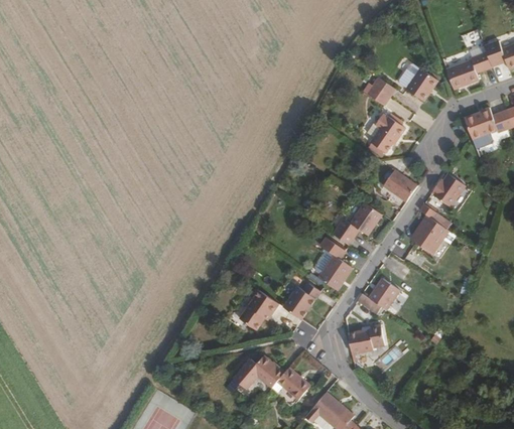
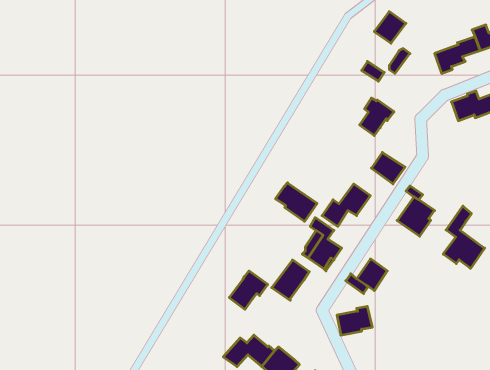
building: [407,68,439,101] -> [374,12,406,43]
building: [431,172,465,206] -> none
building: none -> [276,183,317,221]
building: none -> [443,206,485,268]

